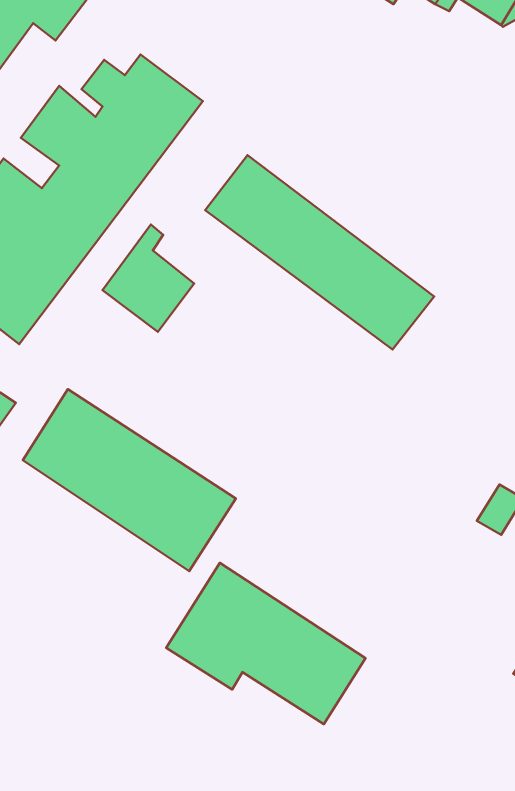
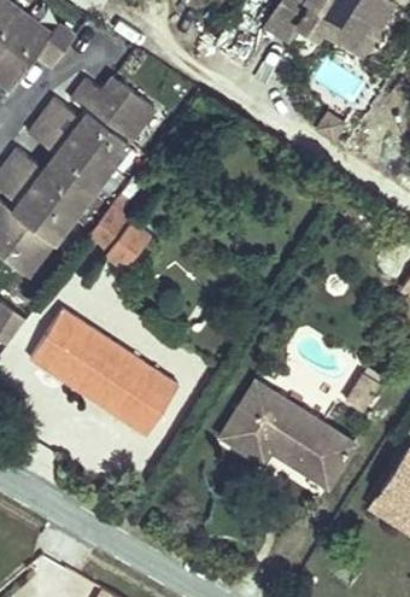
building: [205,155,434,350] -> none
building: [166,563,366,724] -> [218,377,357,490]

